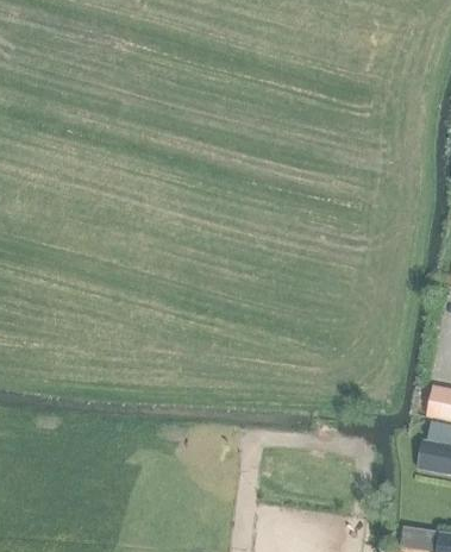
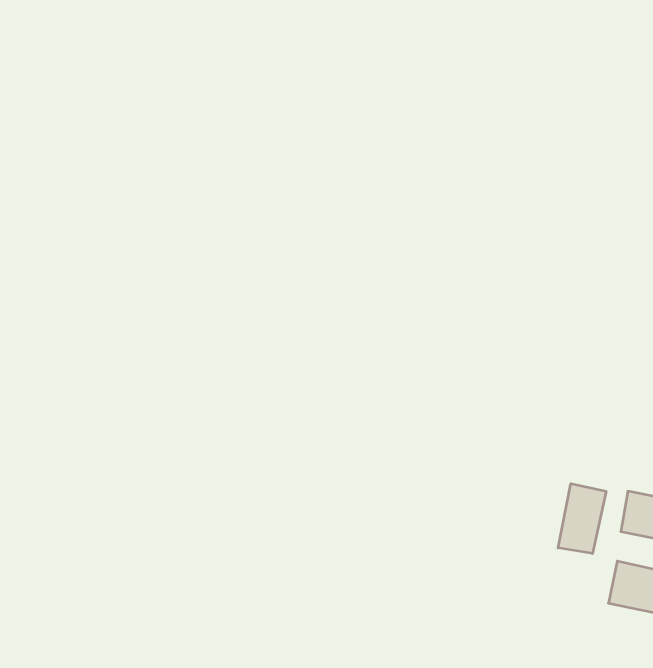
building: none -> [558,484,606,554]

